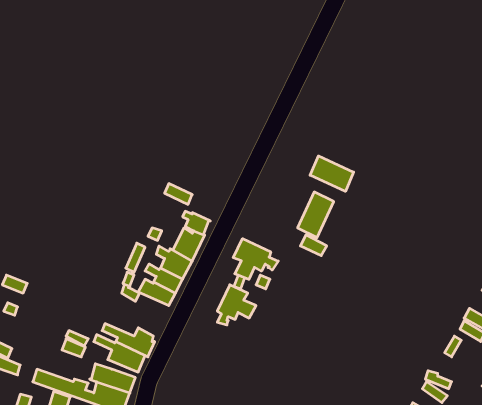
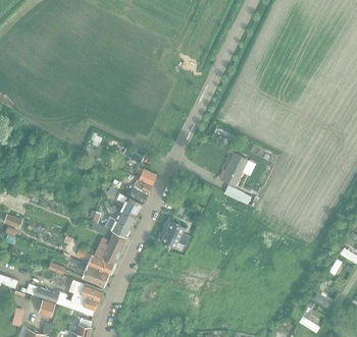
building: [310,156,354,191] -> none
building: [233,239,278,279] -> none
building: none -> [93,234,123,260]

